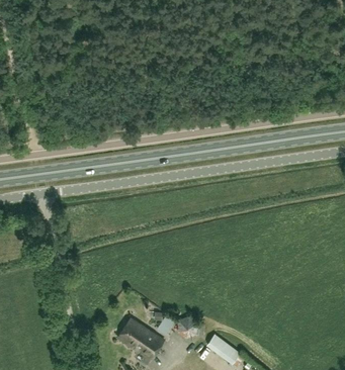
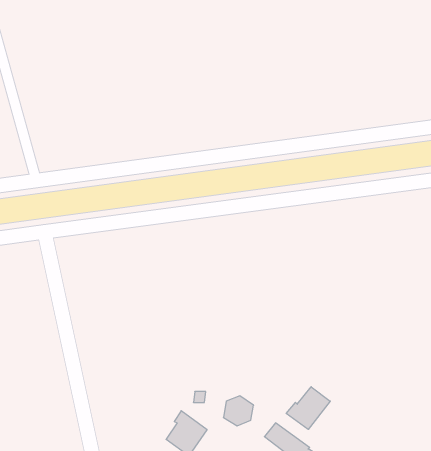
building: none -> [286,387,330,429]
building: [116,317,144,348] -> none

